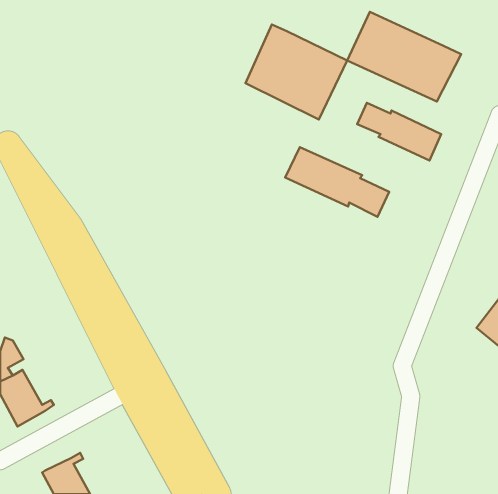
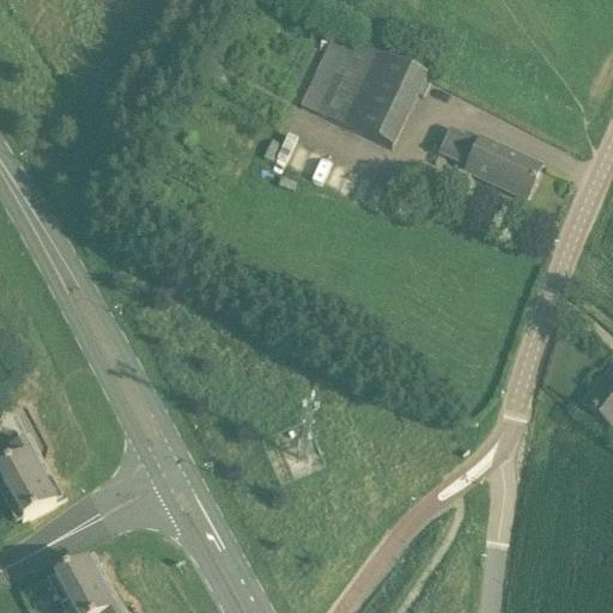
building: [347,12,461,101] -> none
building: [285,147,389,217] -> none

